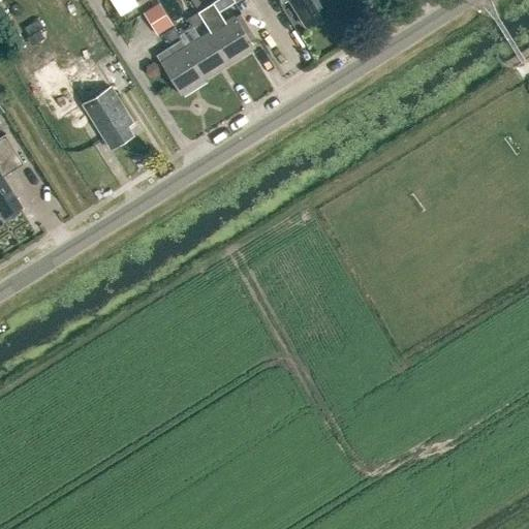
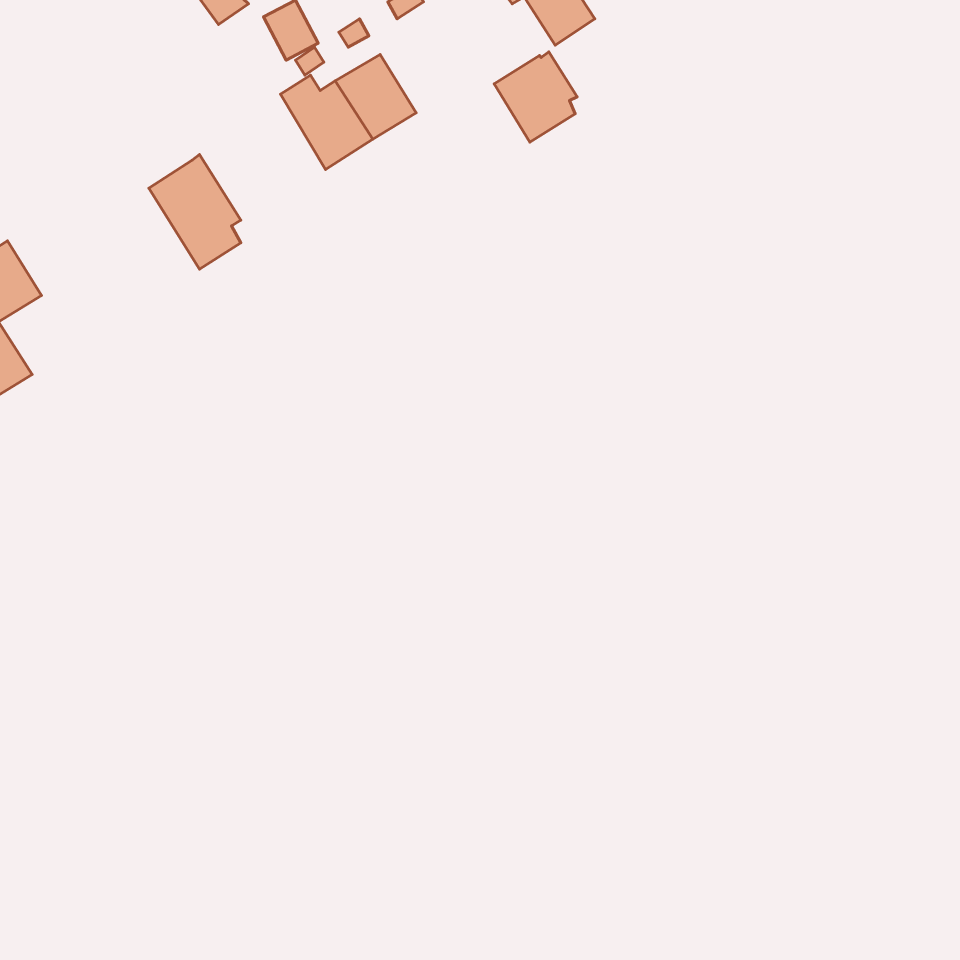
building: [209,12,254,62] -> [494,52,577,142]

